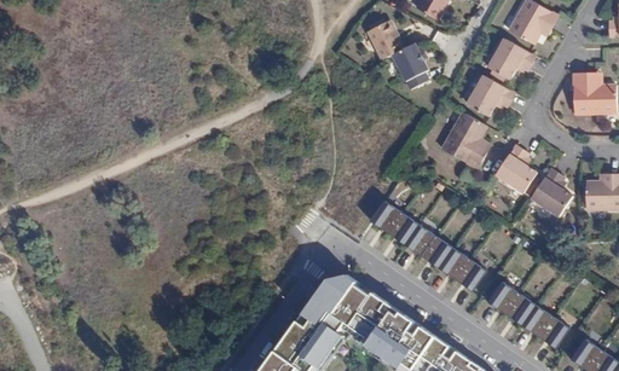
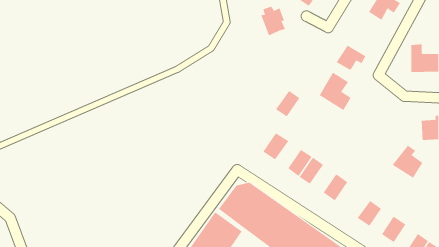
building: [491,40,533,77] -> none
building: [391,46,427,93] -> none
building: [497,144,537,190] -> none
building: [530,166,573,213] -> [392,145,423,179]
building: [384,209,420,247] -> [275,90,300,117]
building: [433,242,469,280] -> none
building: [484,280,516,315] -> none
building: [516,303,549,338] -> none

